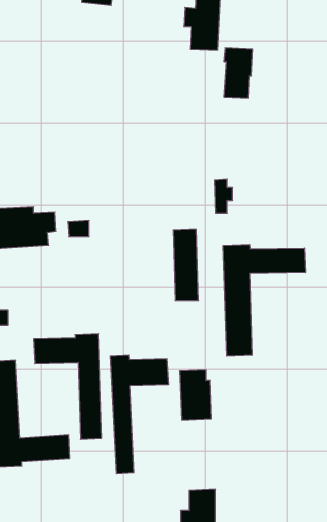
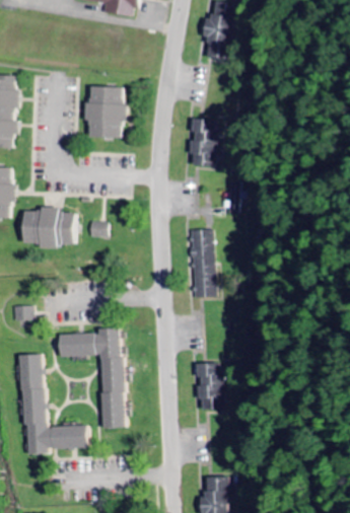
building: [224,48,253,98] -> [192,119,219,166]
building: none -> [87,86,125,138]
building: [223,245,305,356] -> none
building: [110,355,168,474] -> none

